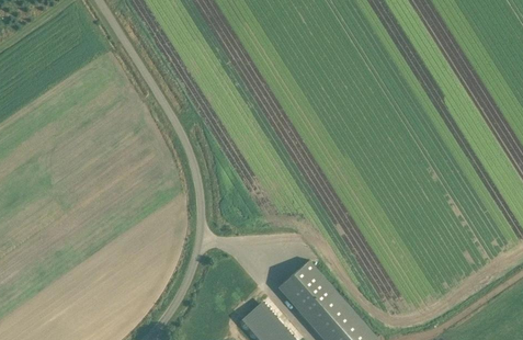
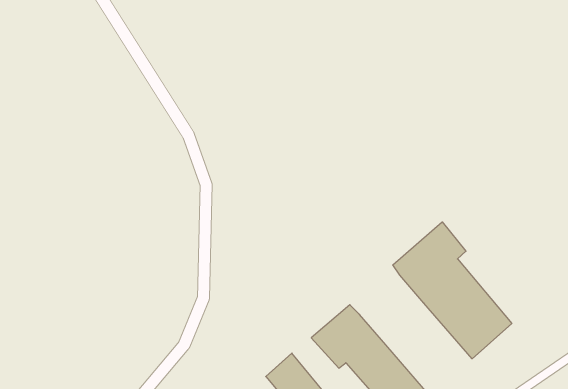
building: none -> [393,222,512,359]

